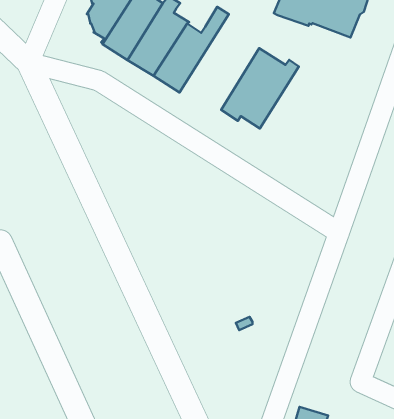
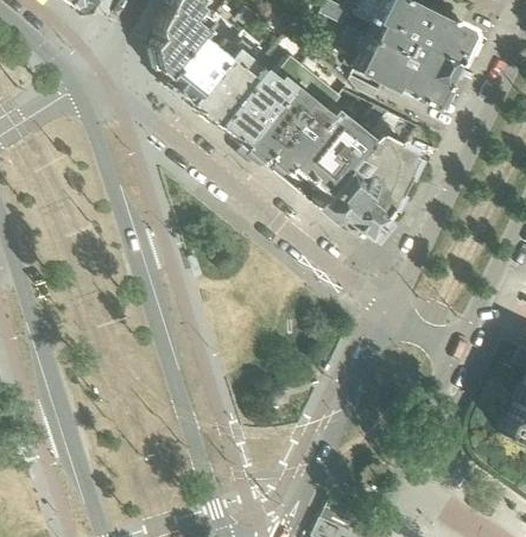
building: none -> [247,67,347,171]
building: none -> [324,132,418,235]

